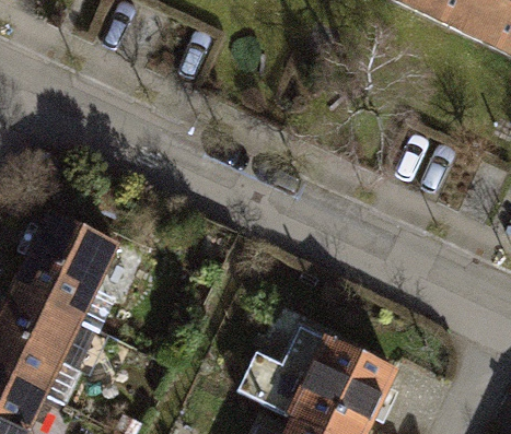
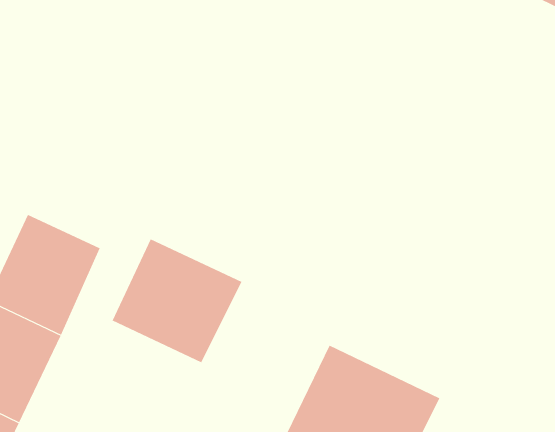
building: none -> [112,238,242,363]

